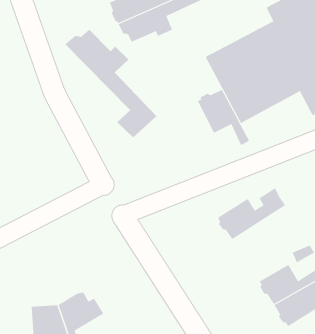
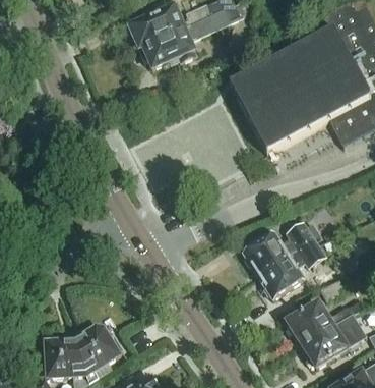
building: [64,29,157,138] -> none
building: [197,89,250,146] -> none
building: none -> [257,237,324,297]

